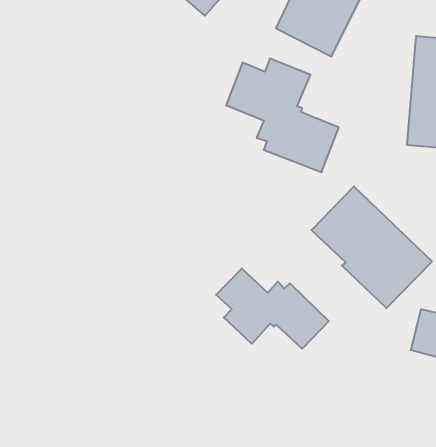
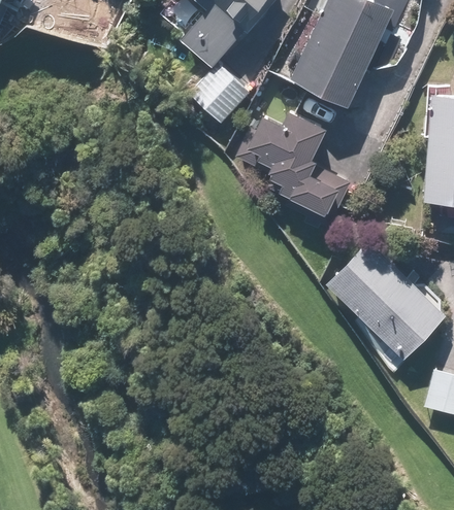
building: none -> [190,65,249,124]
building: [216,268,329,349] -> none

